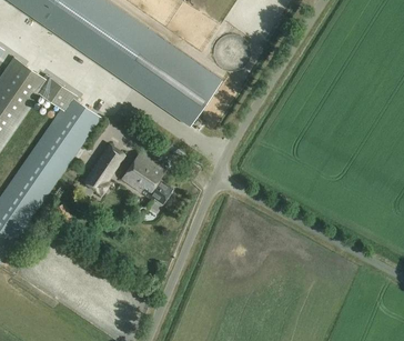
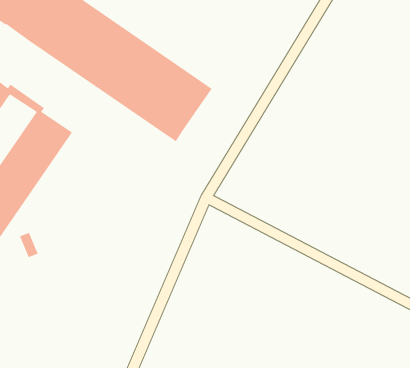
building: [81,141,123,193] -> none
building: [120,152,170,202] -> none

